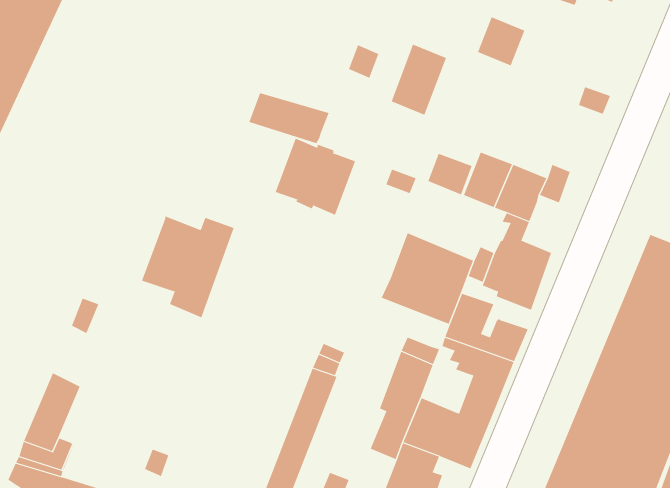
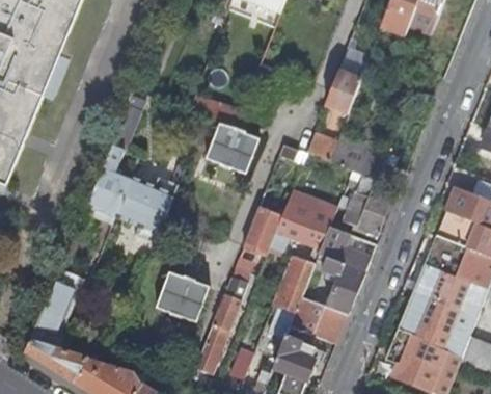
building: [391,44,447,115] -> [326,67,363,114]
building: none -> [84,145,132,227]
building: none -> [244,208,282,255]
building: none -> [156,272,210,323]

